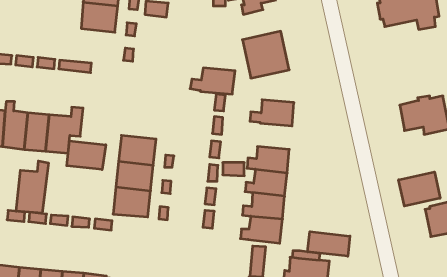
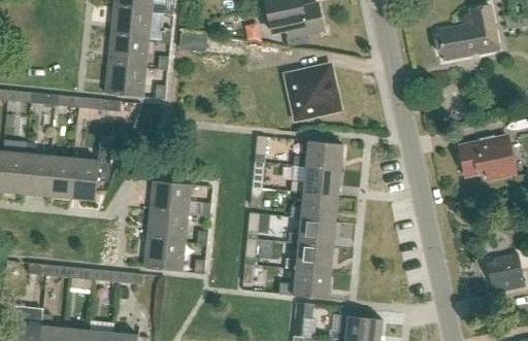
building: none -> [106,63,155,97]
building: [190,68,235,94] -> [292,167,341,196]
building: [67,141,106,170] -> none
building: [16,161,48,213] -> none
building: [399,172,440,206] -> none
building: [308,232,350,256] -> none

